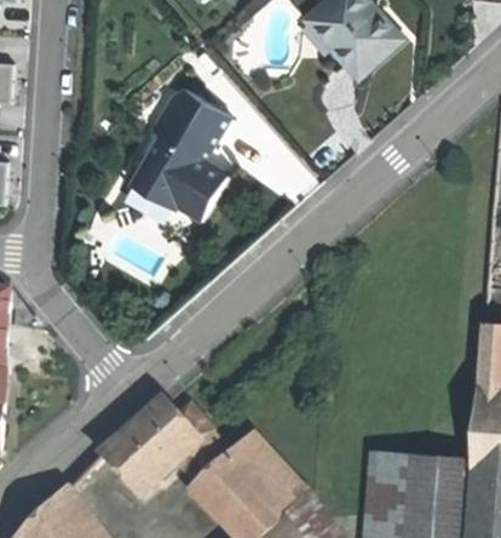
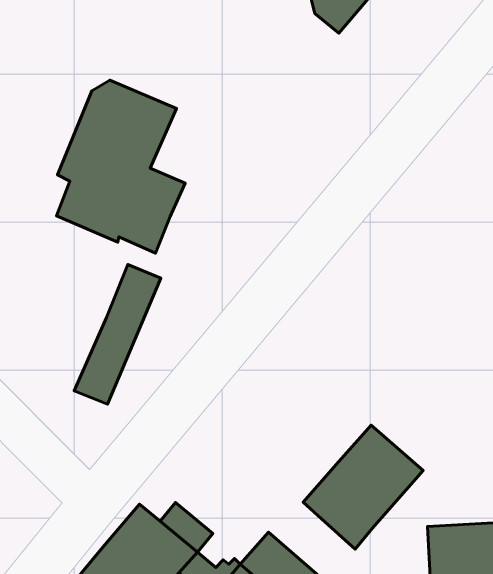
building: none -> [74,265,161,404]
building: none -> [303,425,423,549]

